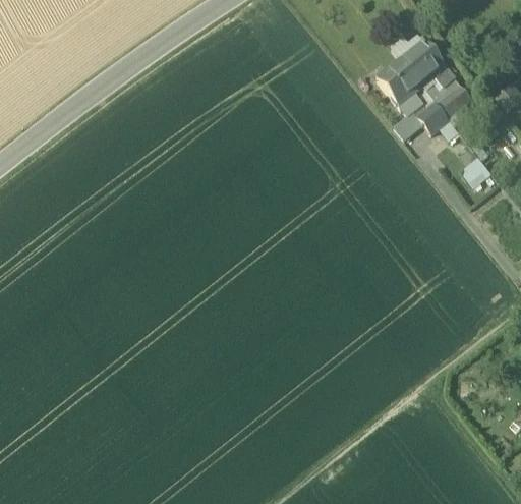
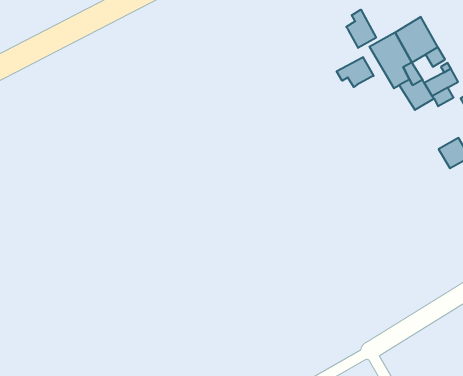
building: none -> [346,10,376,48]
building: none -> [337,57,374,87]

